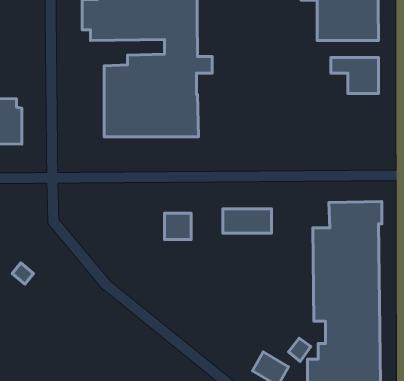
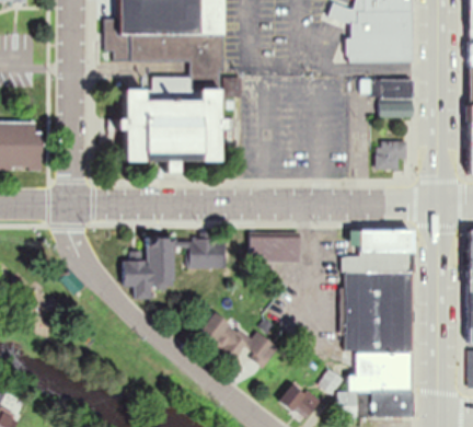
building: none -> [376,141,406,168]
building: none -> [124,238,174,298]
building: none -> [203,311,275,372]

